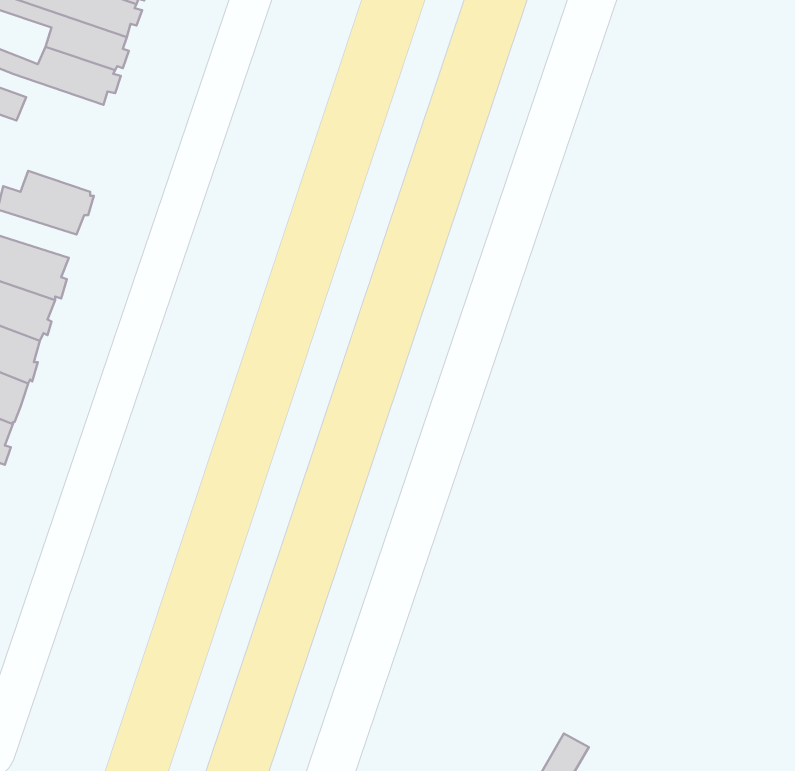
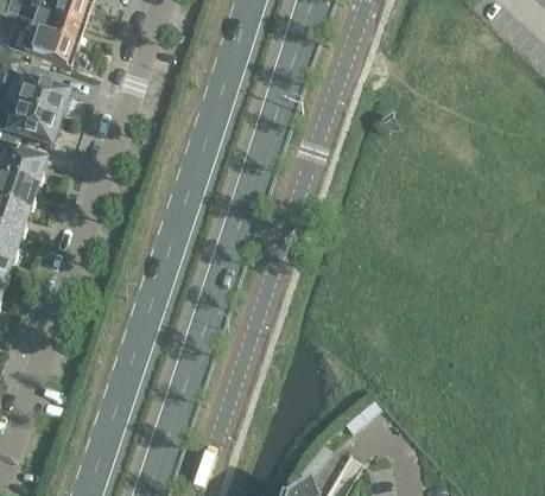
building: none -> [13,76,66,120]

